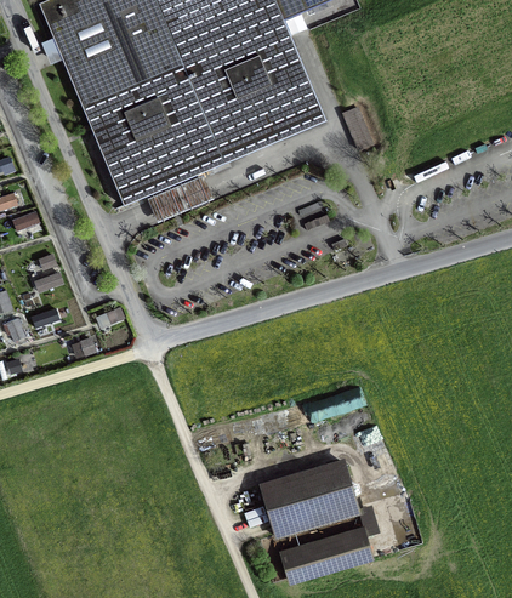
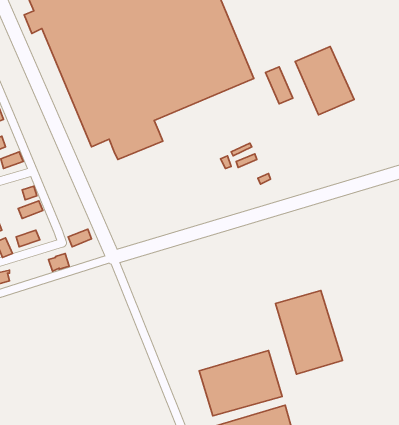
building: none -> [295,47,354,115]
building: none -> [276,291,342,374]

